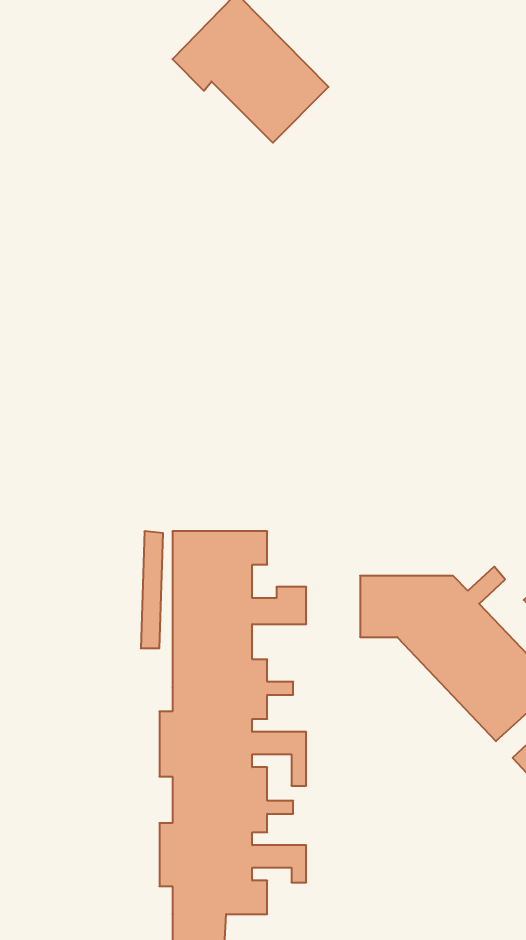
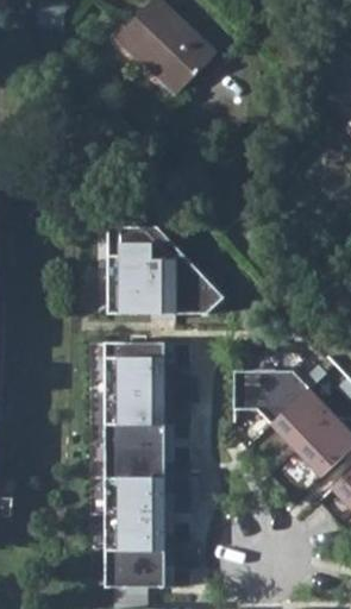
building: none -> [106,226,222,318]

